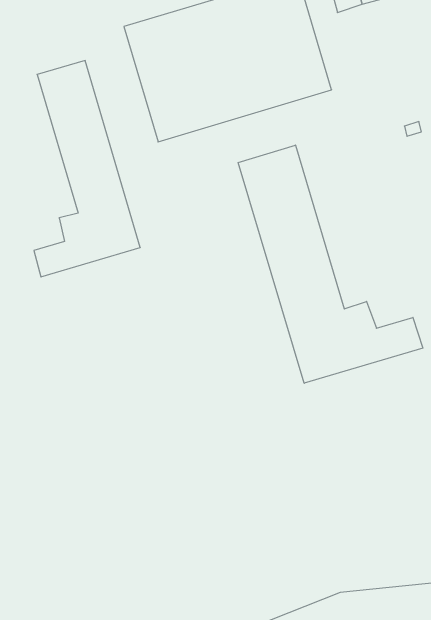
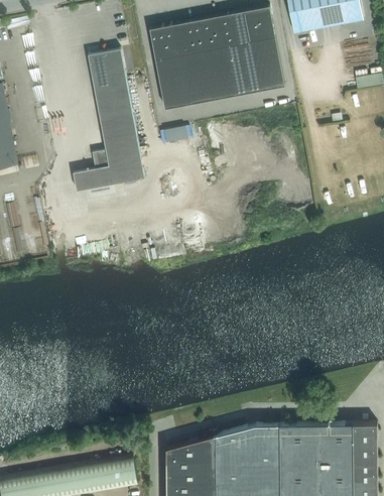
building: [238,145,423,383] -> none

